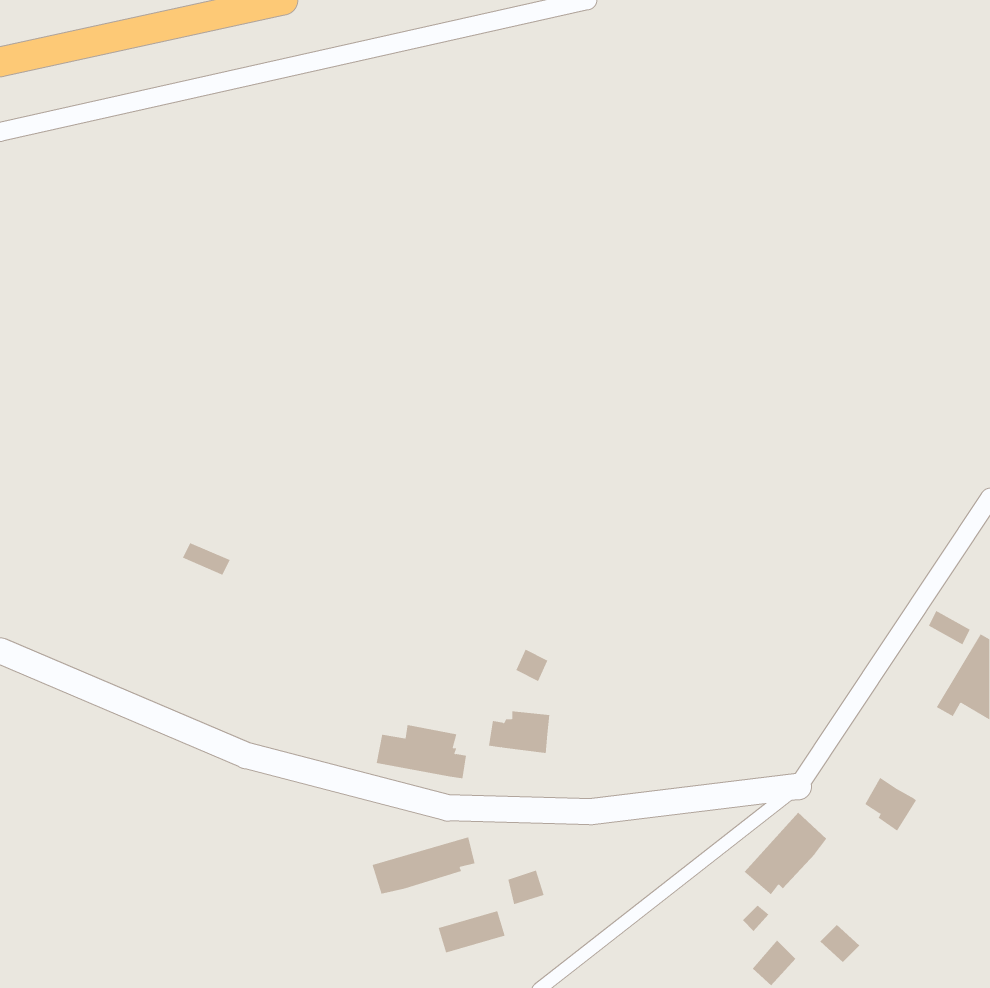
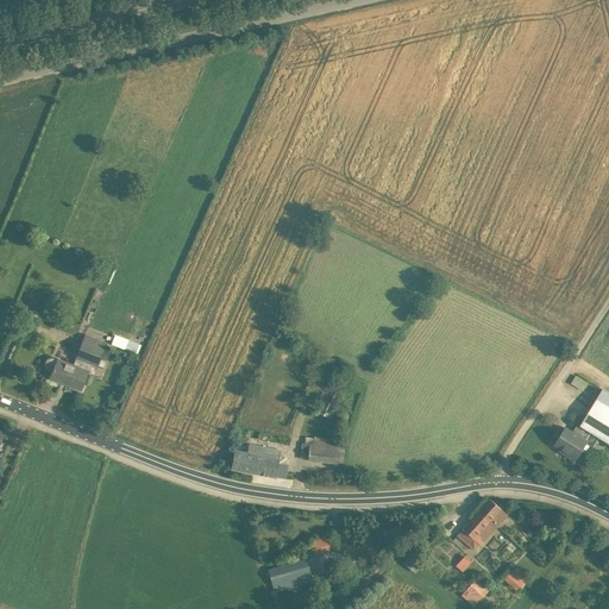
building: none -> [45,337,107,391]
building: [864,777,917,831] -> [554,428,586,462]
building: [372,836,475,894] -> none

